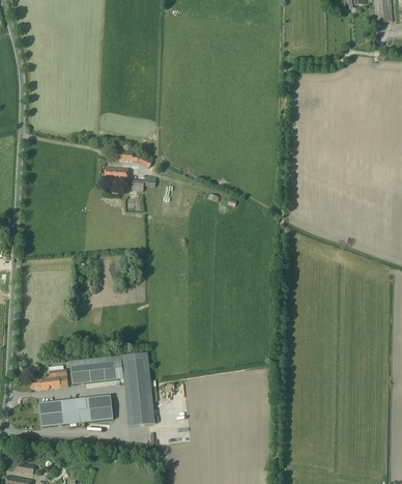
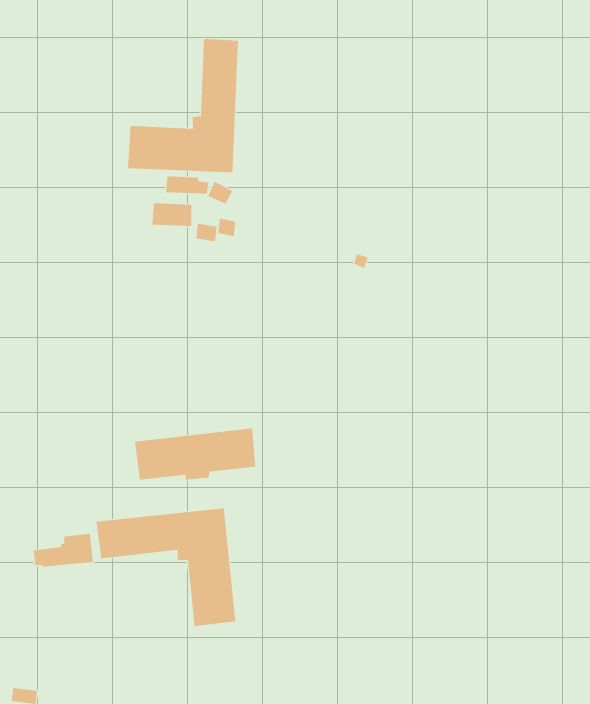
building: none -> [127,38,238,173]
building: [38,395,113,427] -> [134,428,256,480]

